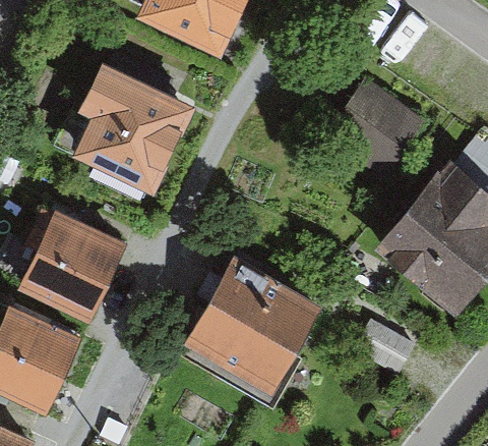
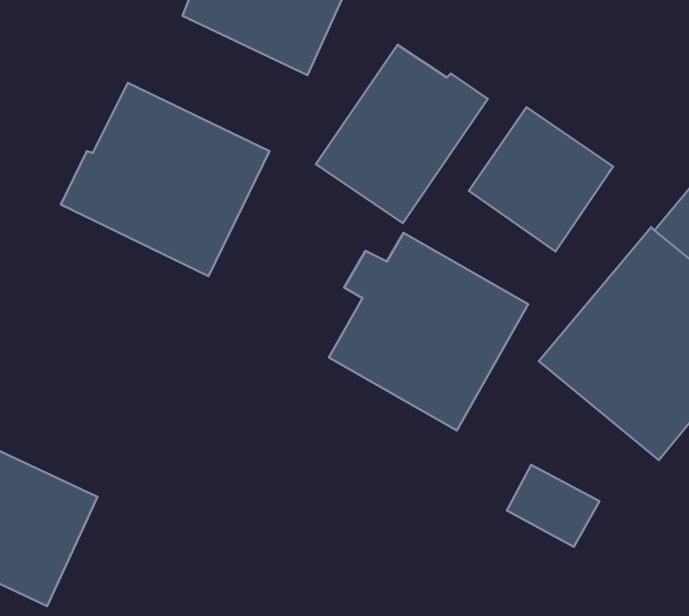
building: none -> [316,45,488,223]
building: [22,207,126,321] -> none
building: [187,262,320,394] -> [329,233,528,431]

